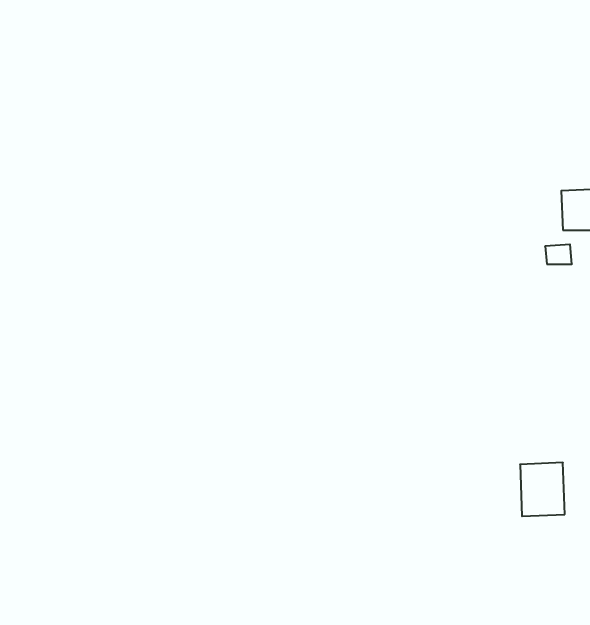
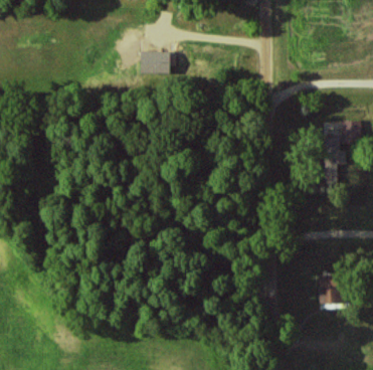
building: none -> [141,52,171,74]

